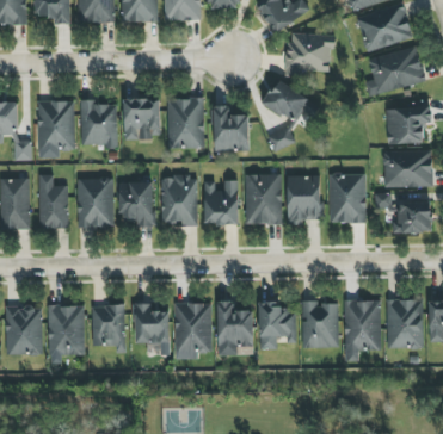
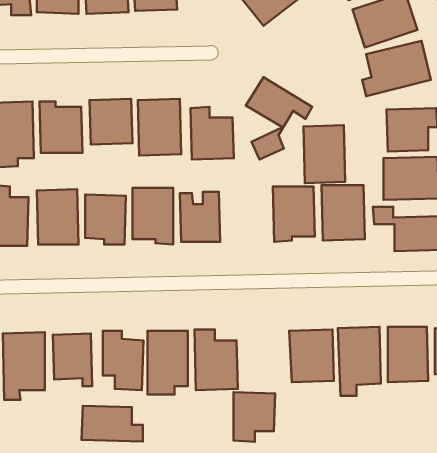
building: [285,33,333,73] -> none
building: [244,173,281,224] -> [303,125,345,183]
building: [259,305,296,349] -> [233,392,275,442]
building: none -> [82,406,143,441]

